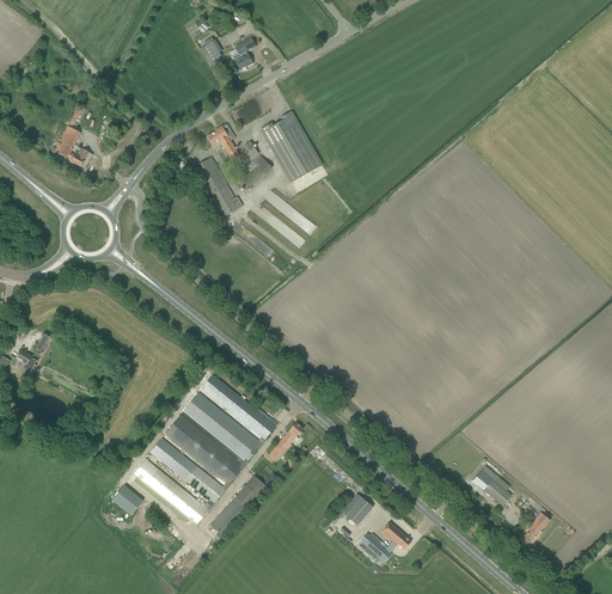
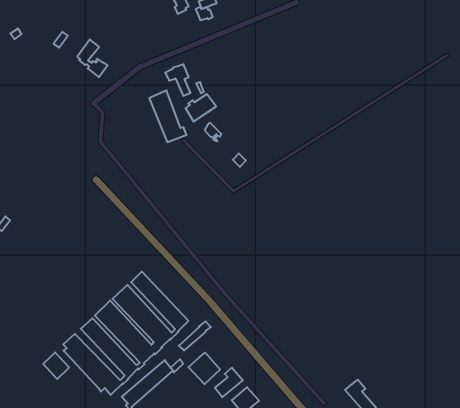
building: [261,111,323,182] -> none
building: [56,125,93,169] -> [77,39,108,77]
building: none -> [188,353,220,384]
building: none -> [215,368,243,397]

